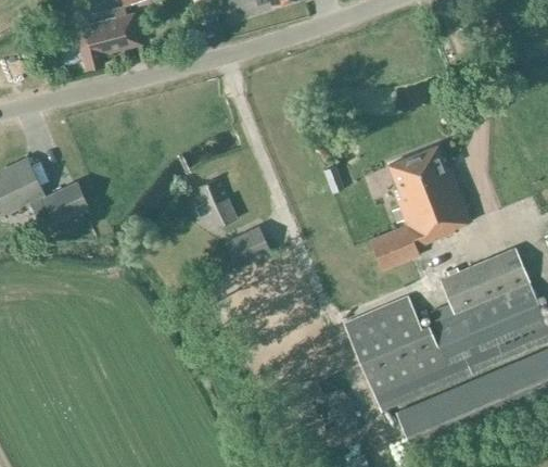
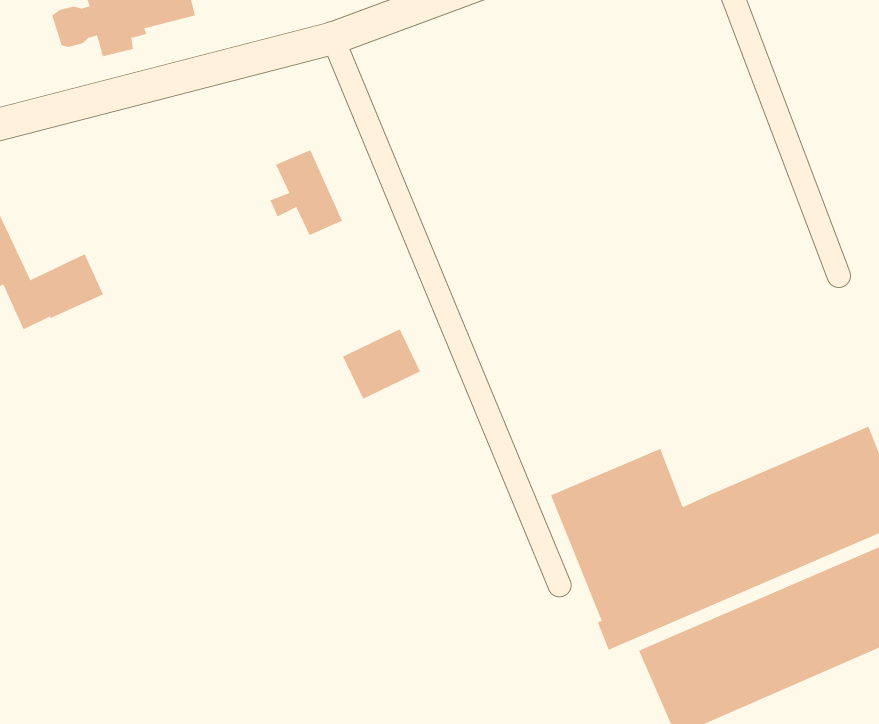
building: [369,144,472,269] -> none
building: [194,176,237,226] -> [270,150,343,236]
building: [431,245,530,321] -> none

